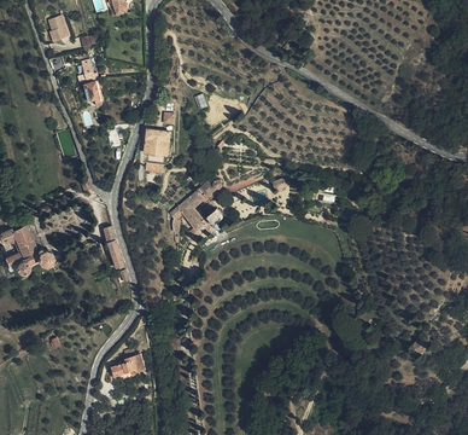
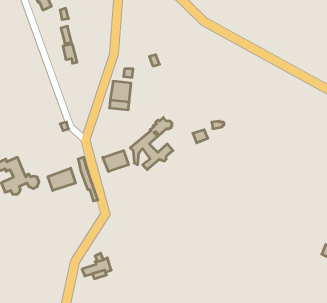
building: none -> [103,151,128,172]
building: none -> [48,168,76,191]

